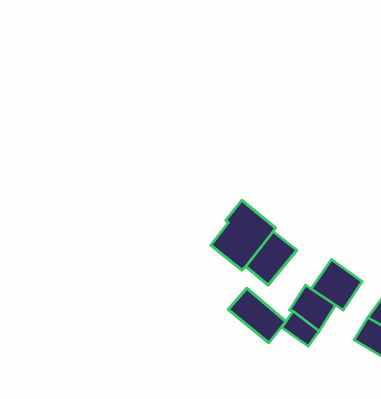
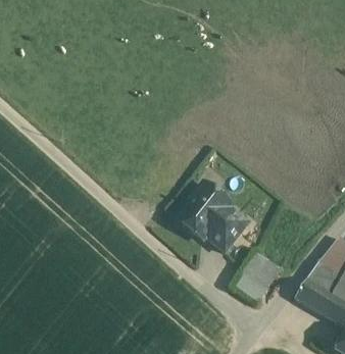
building: [311,260,362,310] -> none
building: [228,288,286,343] -> none

